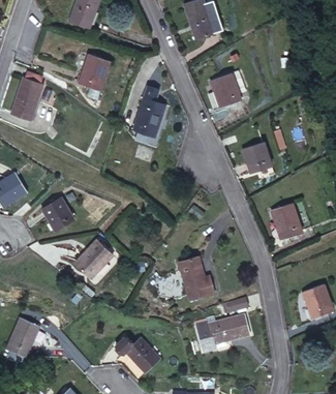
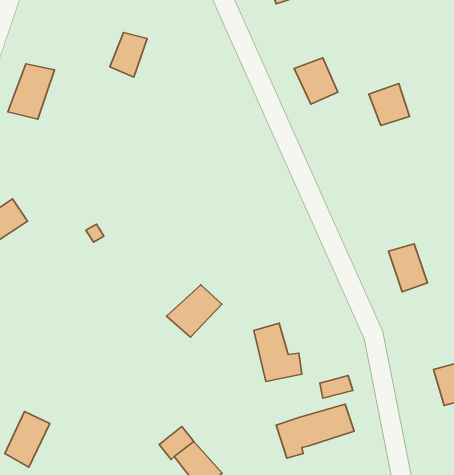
building: [135,99,163,135] -> none
building: [242,141,270,170] -> [369,84,409,126]
building: [42,201,71,230] -> none
building: [73,241,112,277] -> [167,285,222,337]

